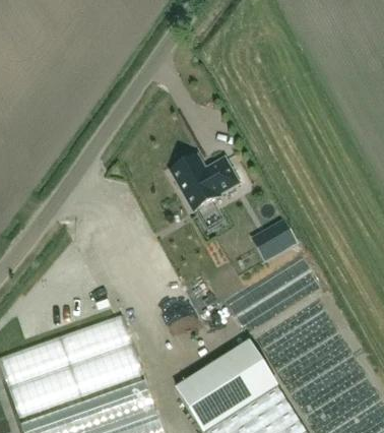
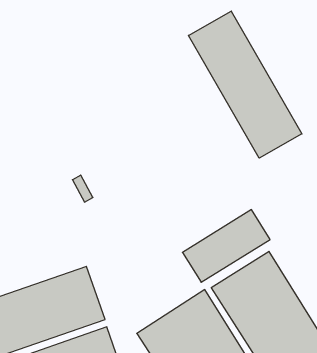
building: none -> [188,11,302,158]
building: [171,156,240,212] -> none
building: [255,228,293,261] -> none

